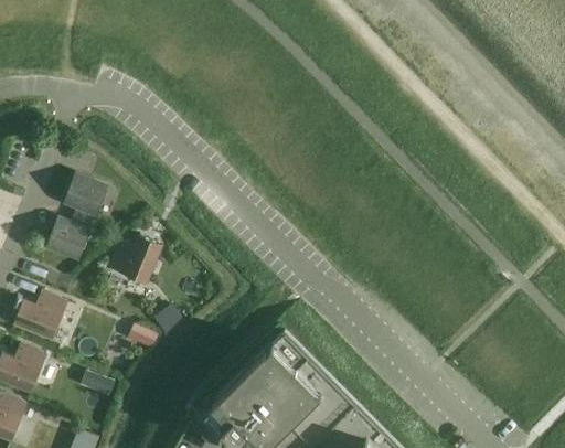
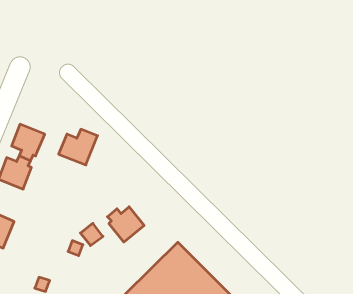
building: [108,238,160,286] -> [59,129,98,165]
building: none -> [107,207,144,242]

